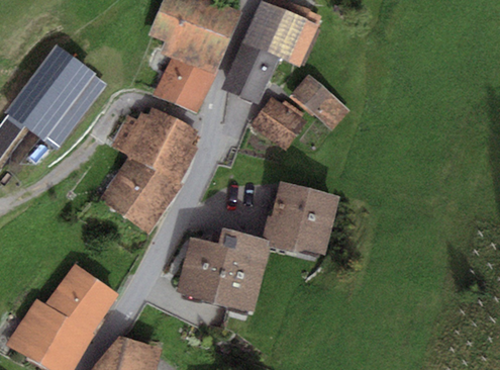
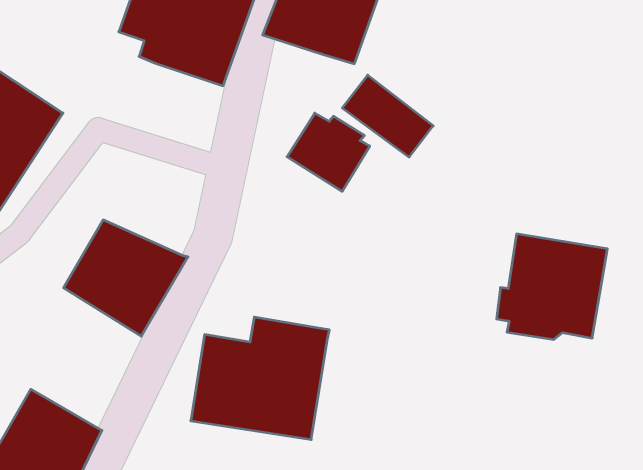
building: [221,43,279,104] -> none
building: [154,57,215,114] -> none
building: [109,109,198,184] -> none
building: [263,183,338,255] -> [497,234,607,339]

